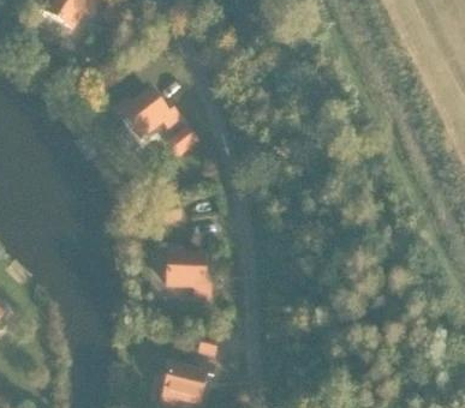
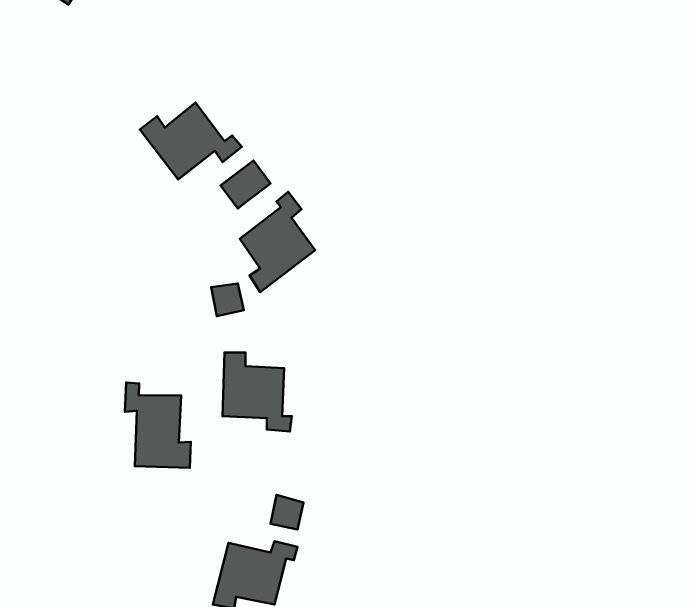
building: none -> [240,192,315,292]
building: none -> [125,383,191,468]

